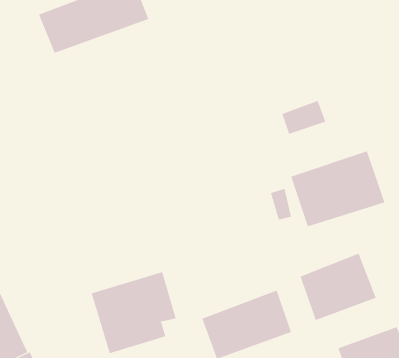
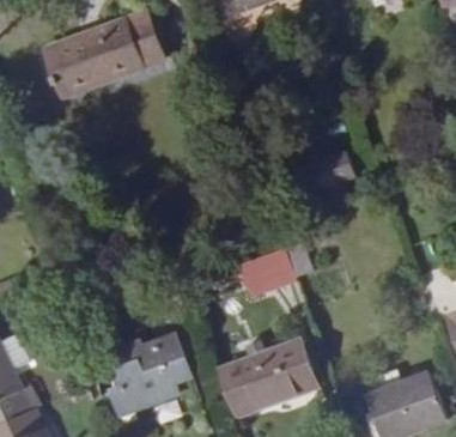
building: [290,150,385,227] -> none
building: none -> [235,253,291,297]
building: [300,253,376,321] -> none

